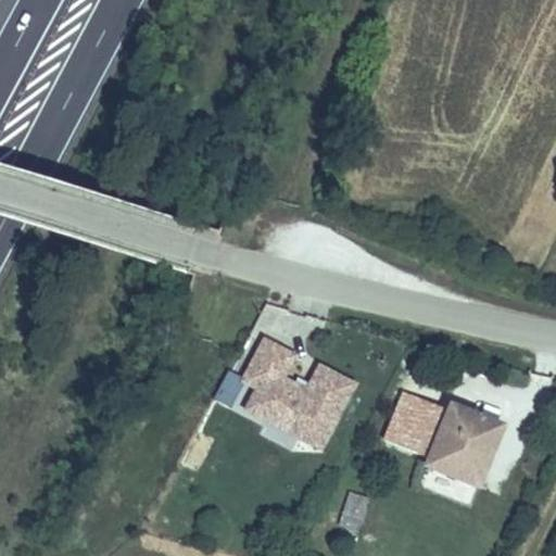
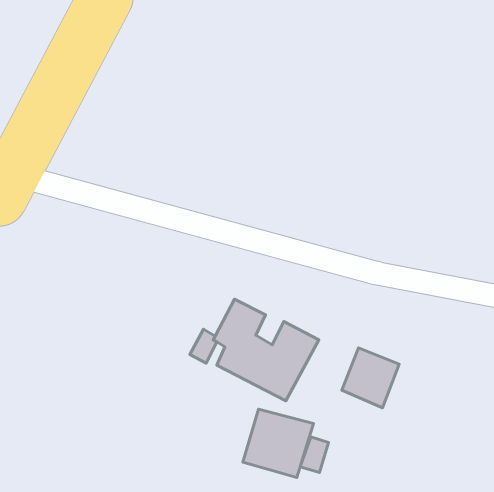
building: [425,401,508,491] -> none
building: none -> [243,409,314,478]

